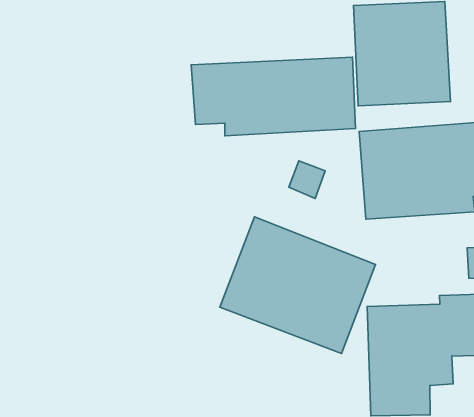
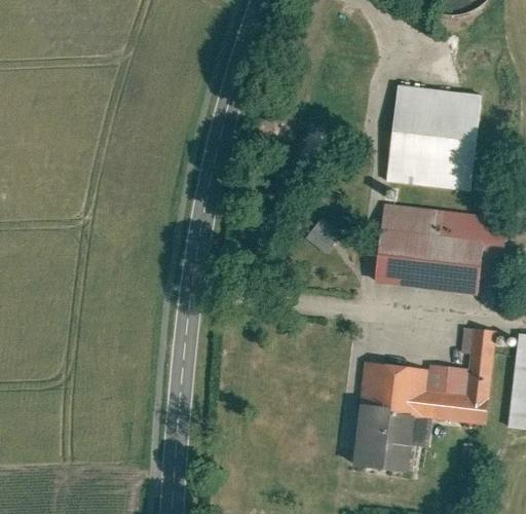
building: [191,57,355,136] -> none
building: [220,217,376,354] -> none

